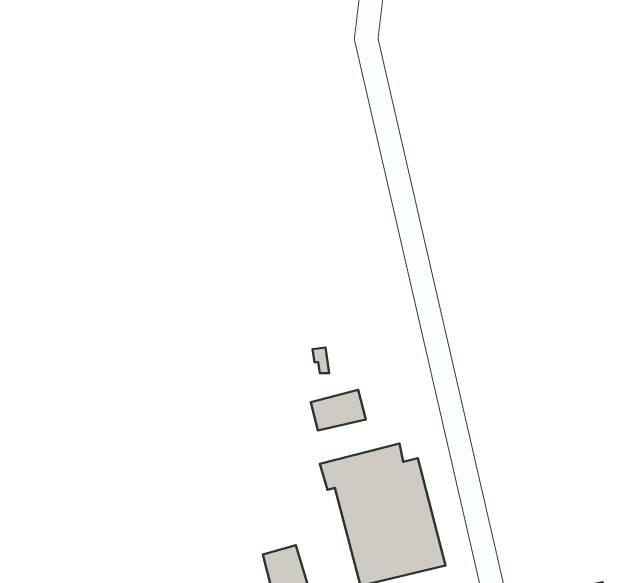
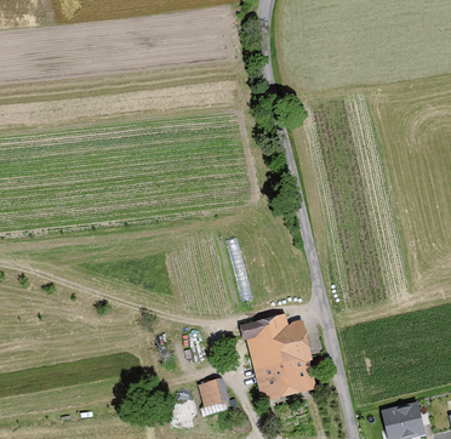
building: [311,390,366,430] -> none

